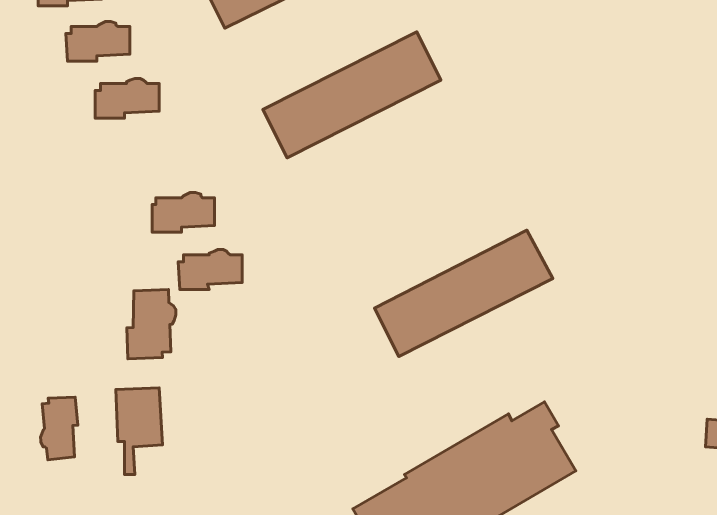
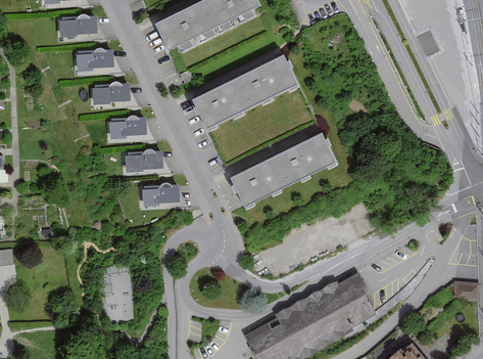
building: none -> [108,116,146,140]
building: [375,230,553,356] -> [230,133,335,208]
building: [127,290,176,359] -> none
building: [40,397,78,460] -> none

